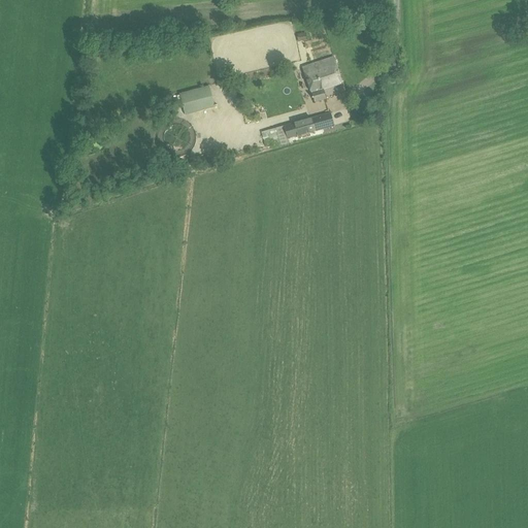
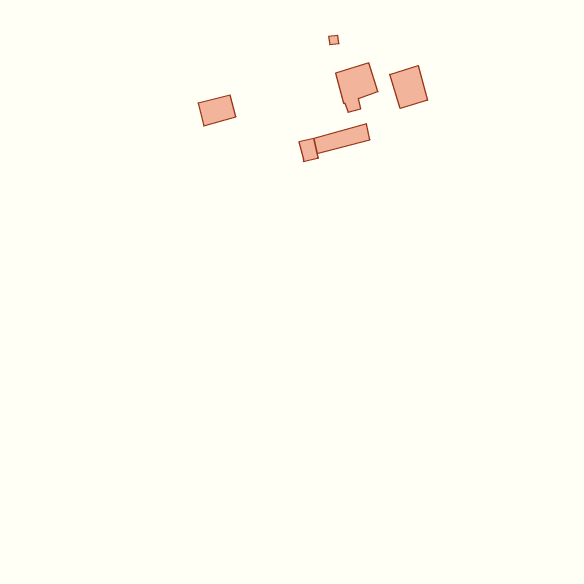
building: none -> [390,66,428,108]

